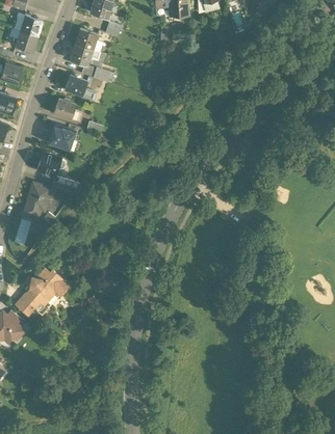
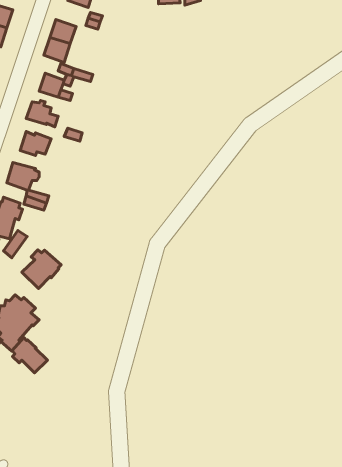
building: none -> [22,250,61,289]
building: none -> [12,337,47,373]

